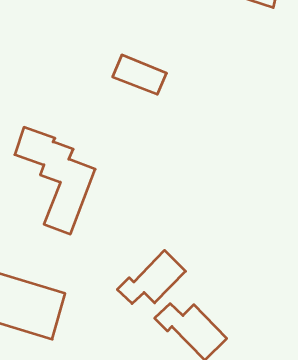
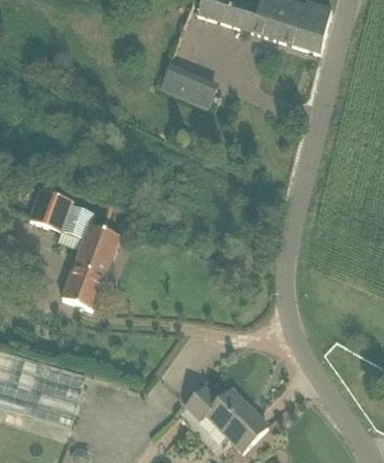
building: [113,55,167,94] -> [156,62,217,106]
building: [117,250,186,304] -> none

